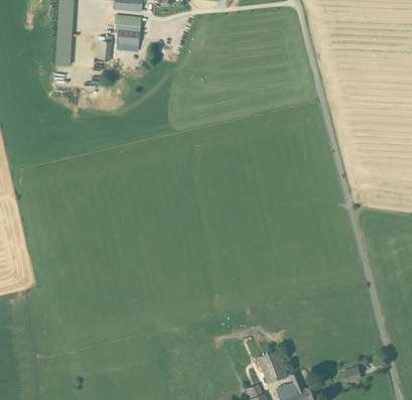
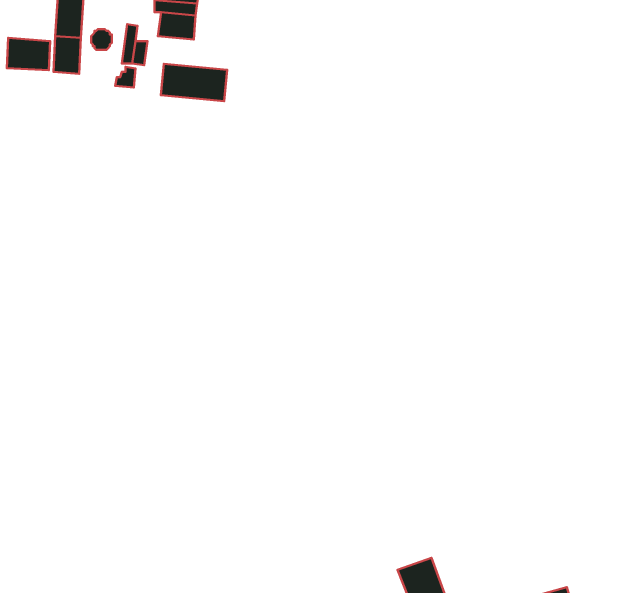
building: none -> [7,38,50,70]
building: none -> [161,64,227,101]

